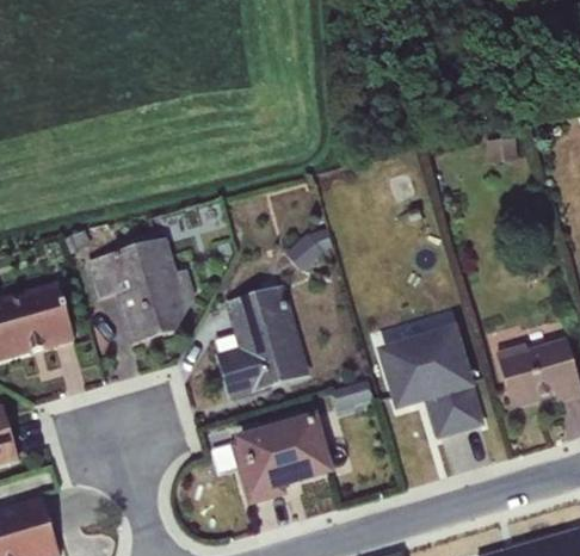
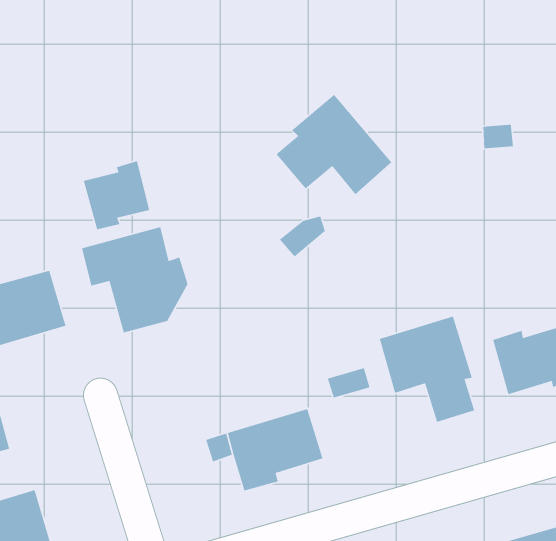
building: none -> [276,94,392,195]
building: none -> [83,160,150,230]
building: [216,284,309,400] -> none

